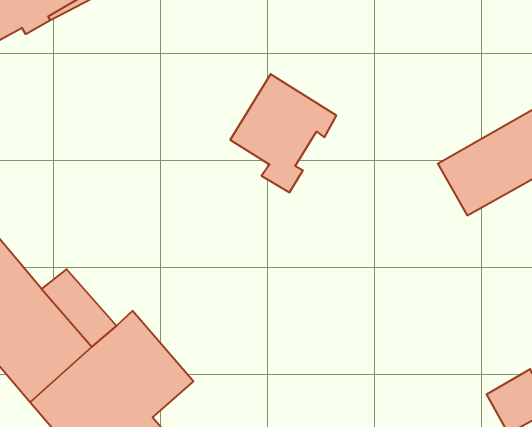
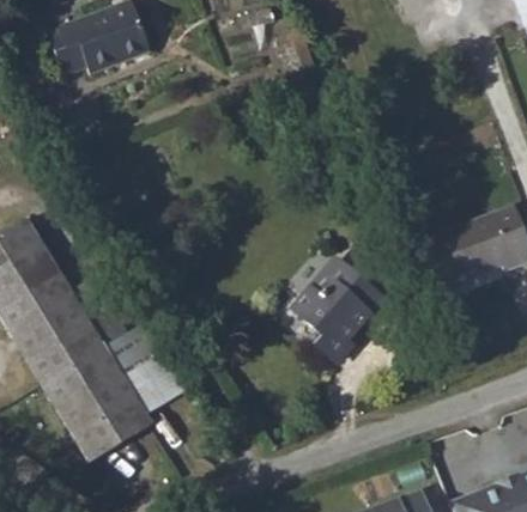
building: [230,74,336,192] -> [292,260,386,362]

